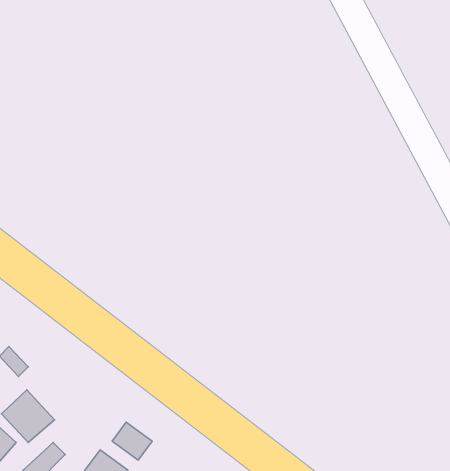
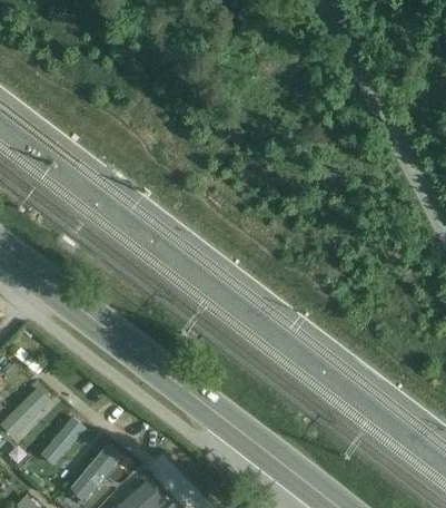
building: [112,422,152,460] -> none

